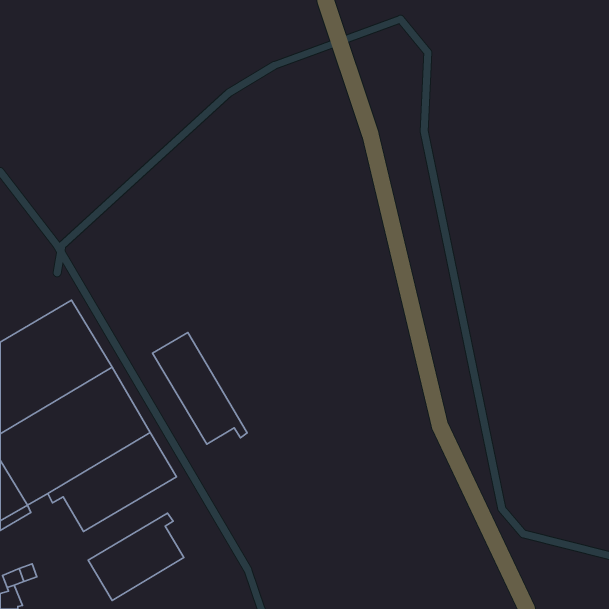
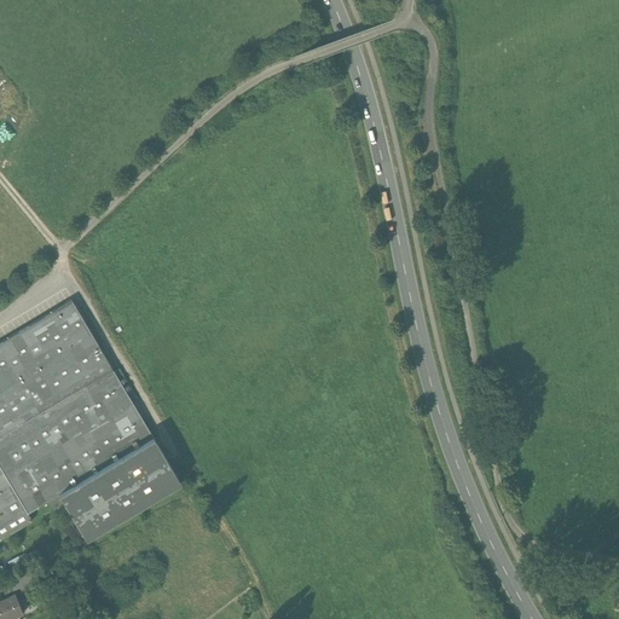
building: [153,333,247,444] -> none
building: [88,513,184,600] -> none

